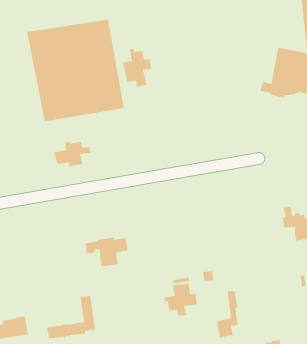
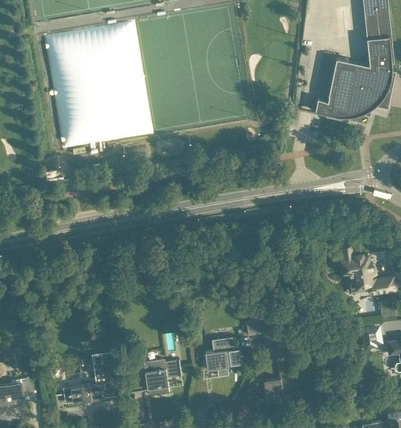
building: [122,48,152,88] -> none
building: [53,141,91,167] -> none
building: [84,237,129,267] -> [129,359,181,395]

